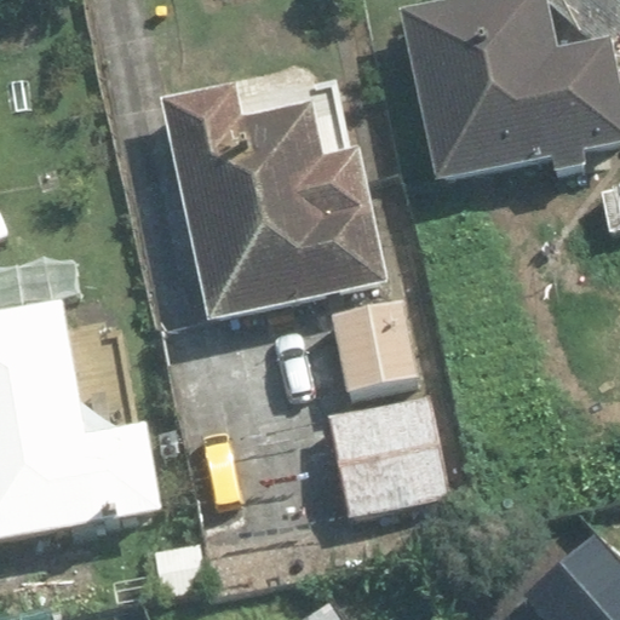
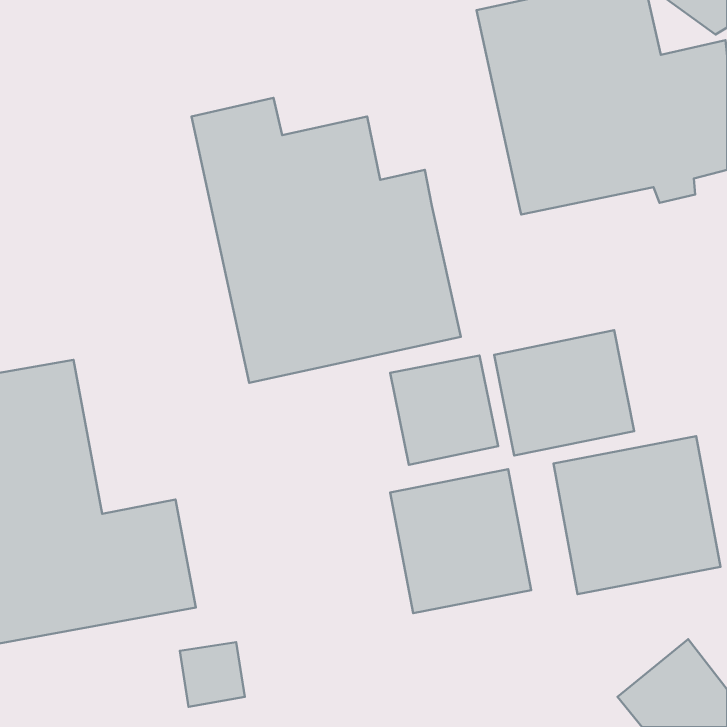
building: none -> [494,330,634,455]
building: none -> [553,436,720,594]

